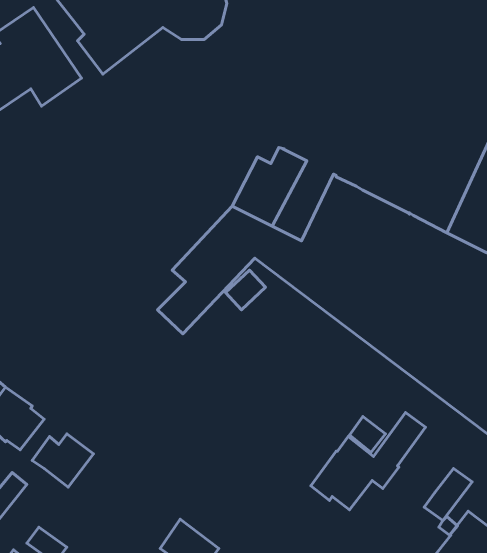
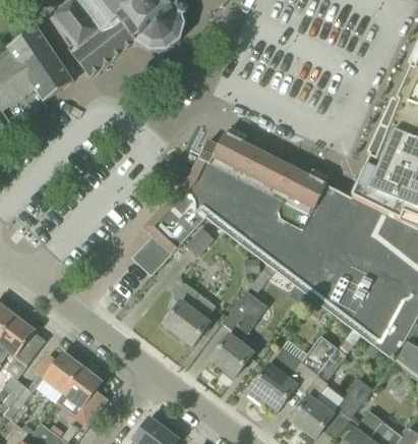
building: none -> [220,143,266,204]
building: none -> [165,282,216,344]
building: none -> [212,290,268,377]
building: none -> [64,367,109,426]
building: none -> [291,377,334,438]

